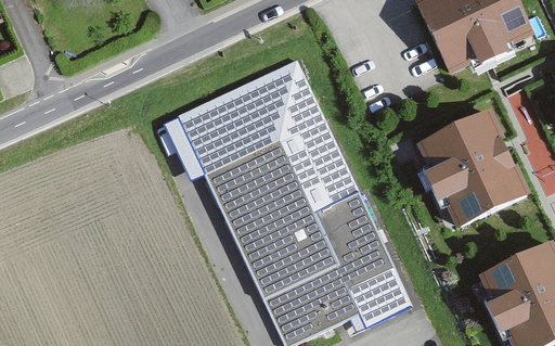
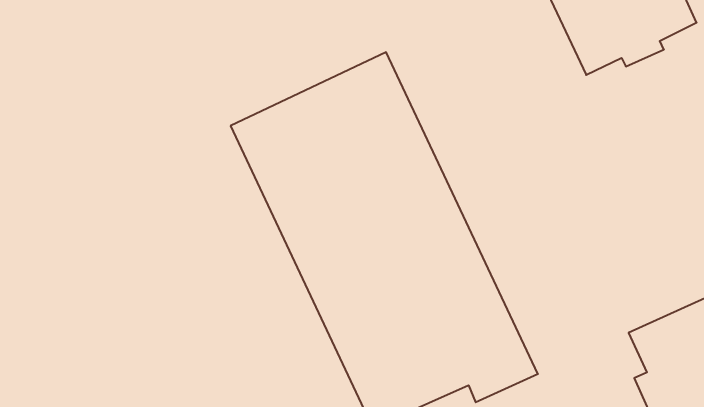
building: [418,111,529,229] -> none

